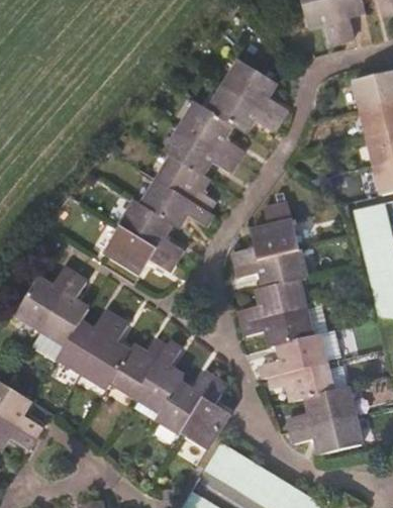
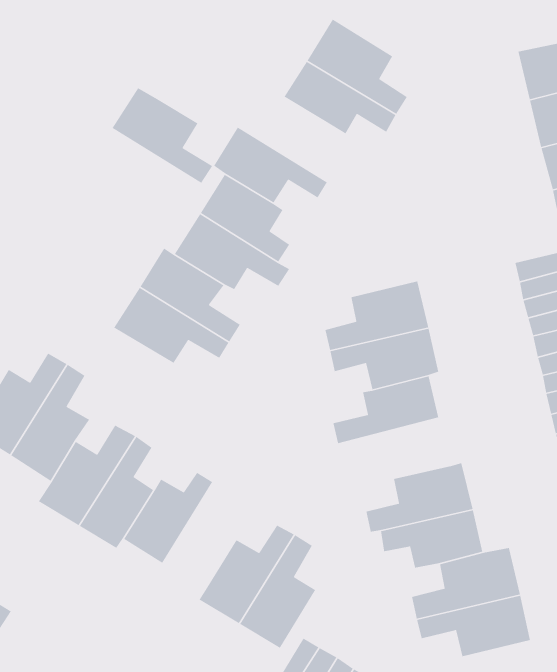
building: [180,101,242,161] -> [112,87,213,184]
building: [241,306,311,345] -> none
building: [133,339,183,412] -> none

